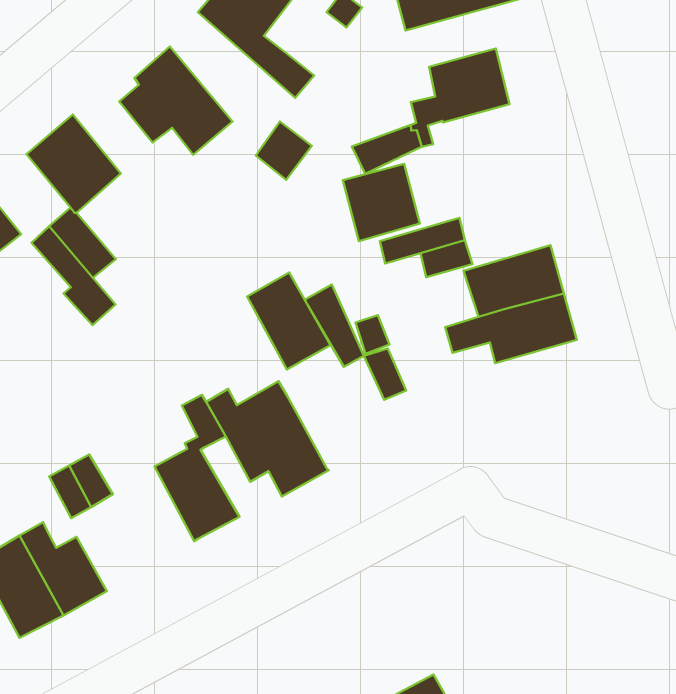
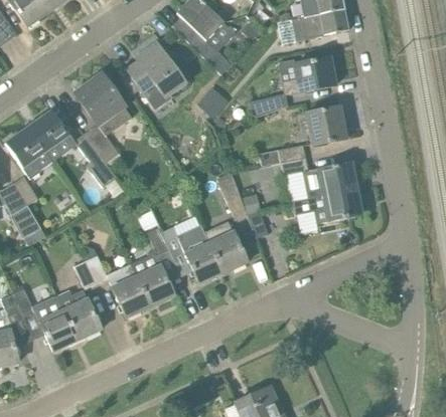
building: [343,164,420,241] -> [307,106,346,145]
building: [247,273,330,369] -> [205,220,248,271]
building: none -> [113,261,150,316]

